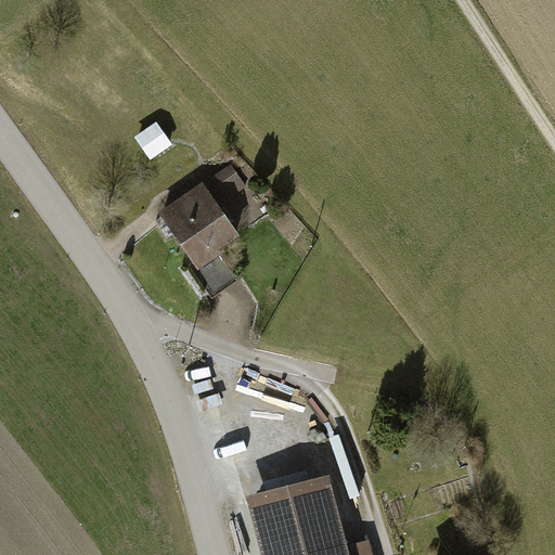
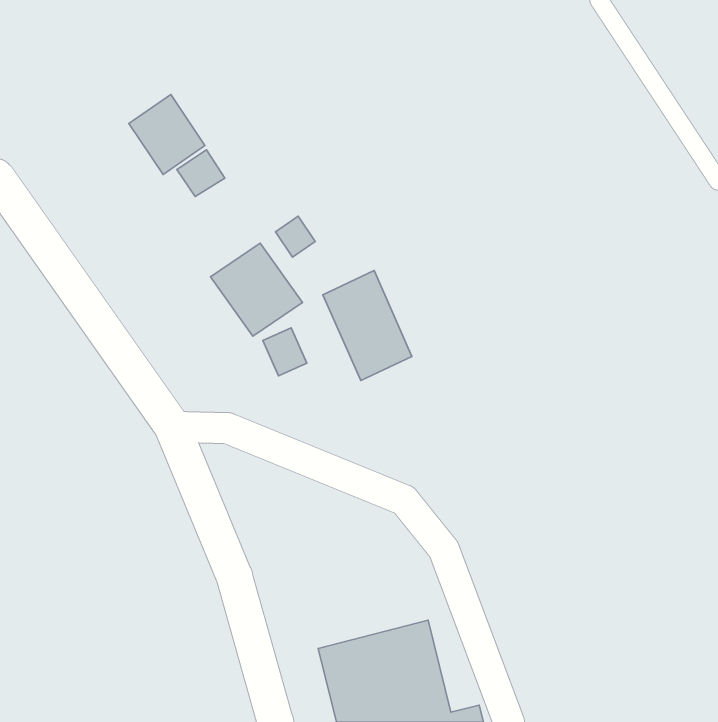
building: none -> [129,94,205,174]
building: none -> [323,271,412,381]

